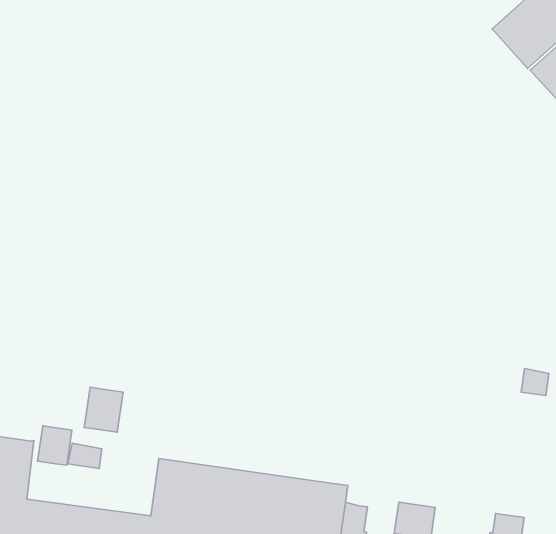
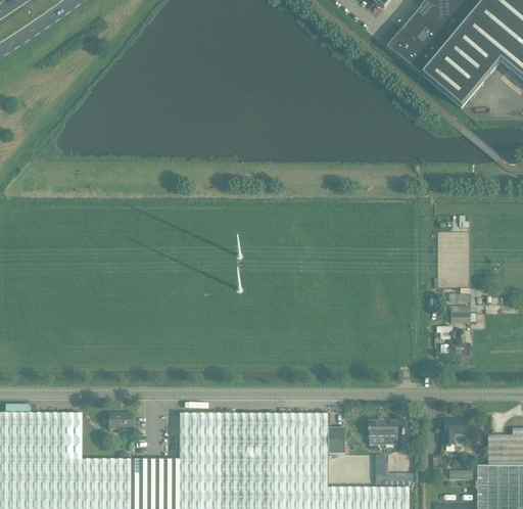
building: [84,387,123,432] -> none
building: [38,426,72,465] -> none

